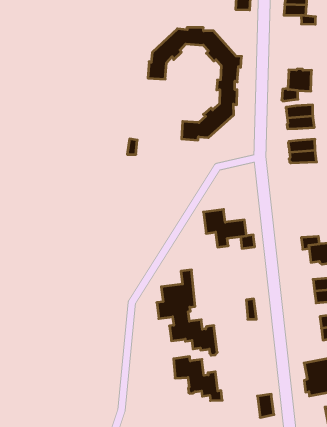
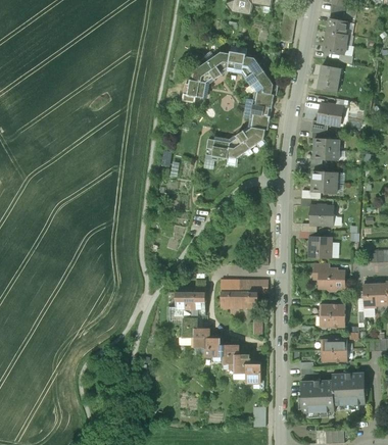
building: none -> [317,64,340,92]
building: none -> [309,204,332,225]
building: [203,209,246,247] -> [220,280,257,314]
building: none -> [308,237,331,256]
building: [174,357,222,401] -> [222,344,263,389]

